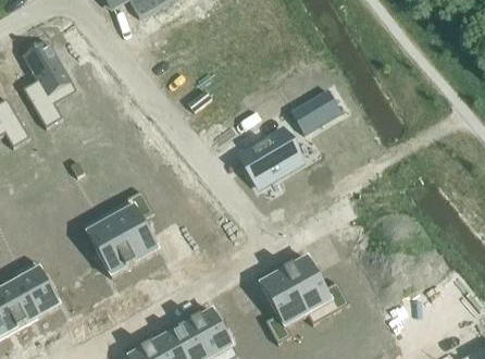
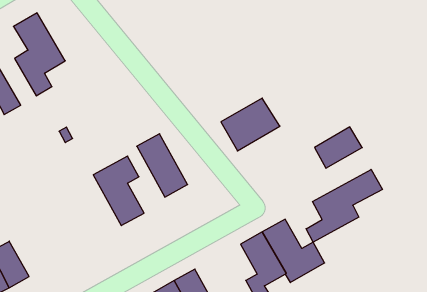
building: [290,88,340,132] -> [315,127,362,168]
building: none -> [306,169,382,242]
building: [82,209,135,275] -> [137,134,188,197]
building: [12,258,60,315] -> none

